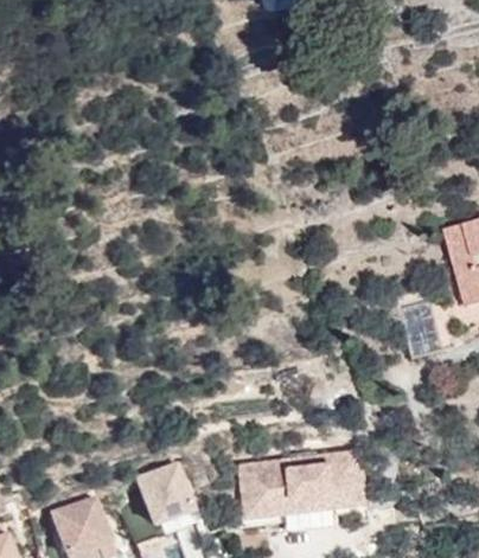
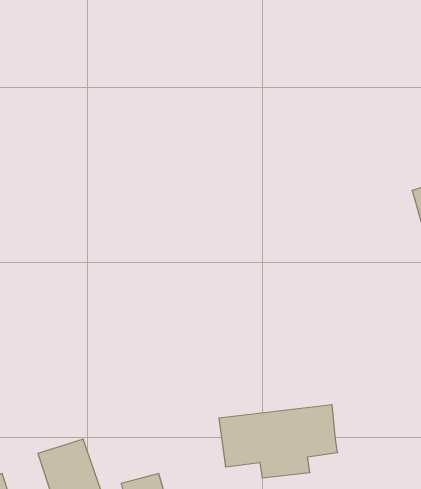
building: [130,458,198,528] -> none

